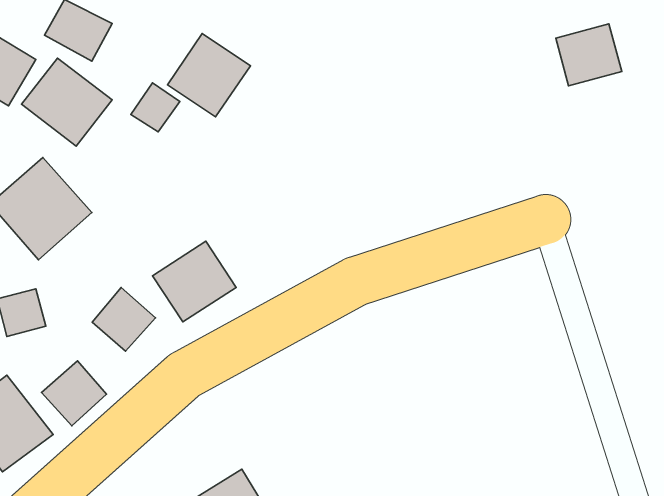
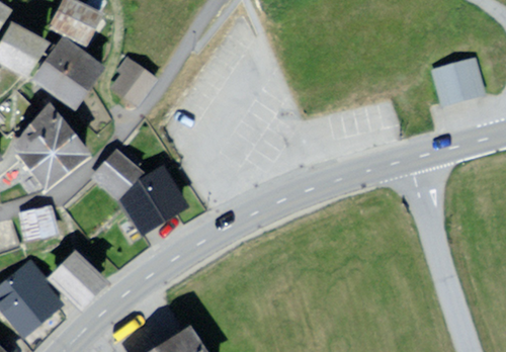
building: [556,24,622,86] -> [435,58,482,101]
building: [167,34,251,117] -> none
building: [92,288,156,351] -> [96,151,141,195]

